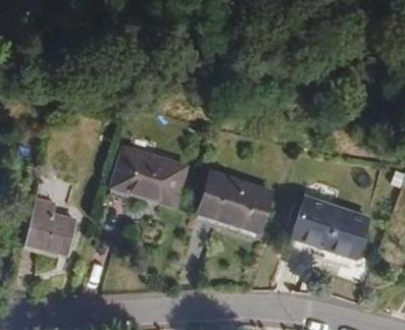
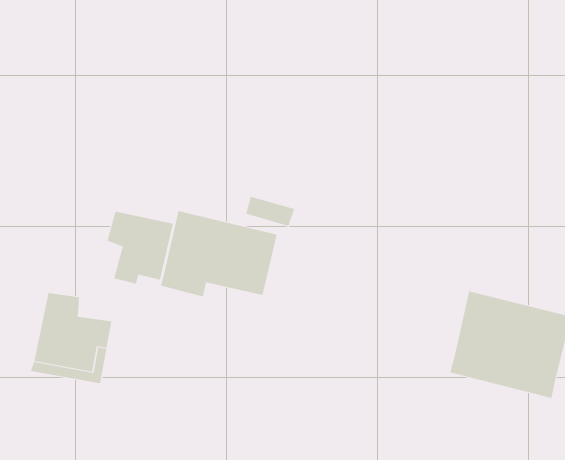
building: none -> [107,211,174,284]
building: [198,173,270,228] -> none

